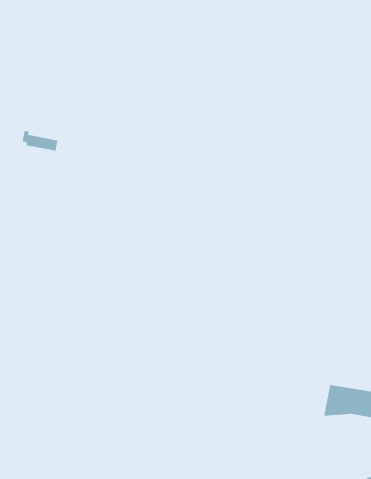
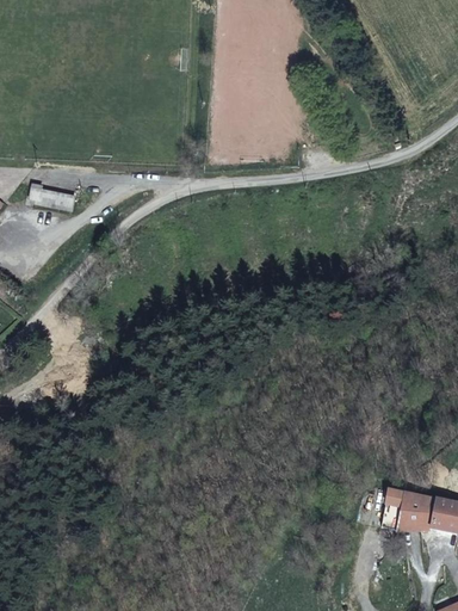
building: none -> [382,488,404,529]

